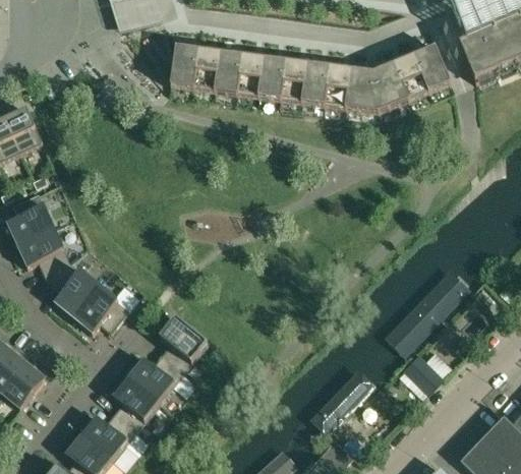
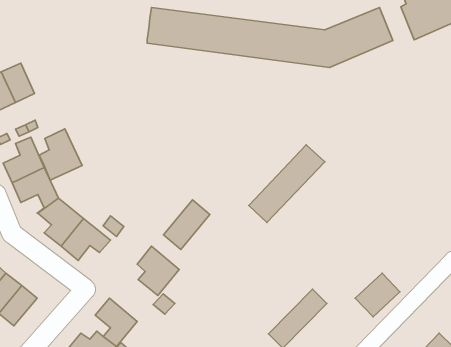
building: none -> [39,129,82,180]
building: none -> [164,200,210,249]
building: [386,266,472,355] -> [249,145,325,223]
building: [129,355,184,403] -> none

